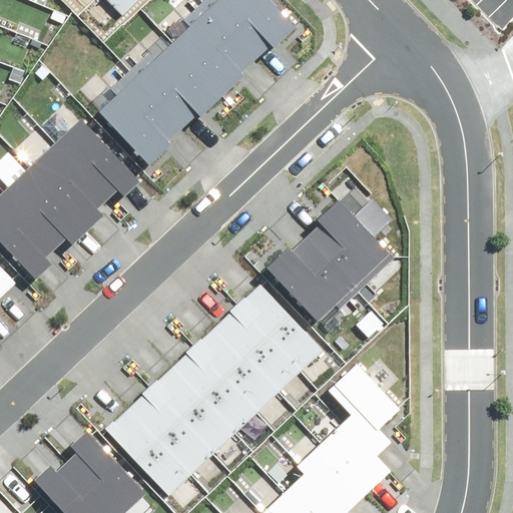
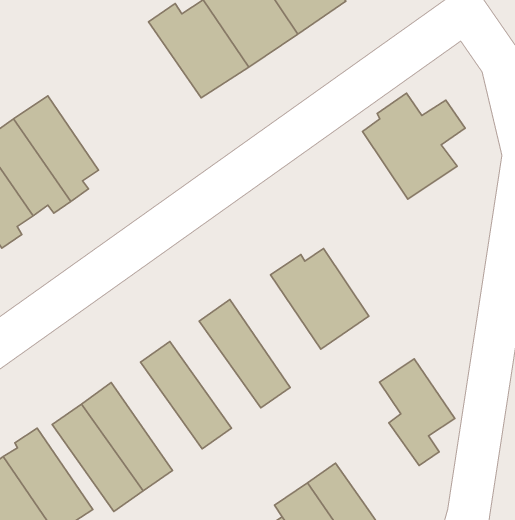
building: [101,73,184,165] -> none
building: [55,123,140,204] -> none
building: [307,203,393,293] -> [362,93,465,199]
building: [234,276,320,363] -> none
building: [189,319,275,405] -> none
building: [145,361,230,448] -> none
building: [332,364,400,453] -> [380,359,455,465]

